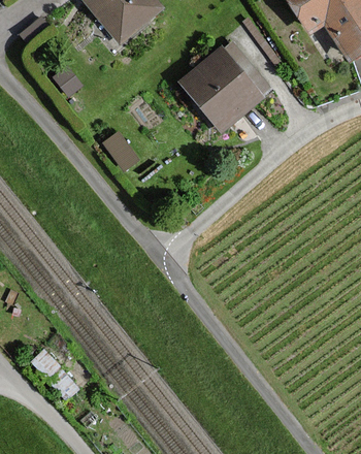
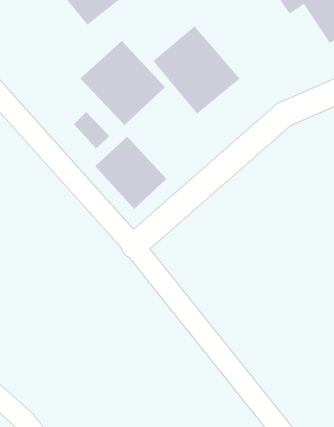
building: none -> [80,40,166,126]
building: none -> [94,136,167,210]

